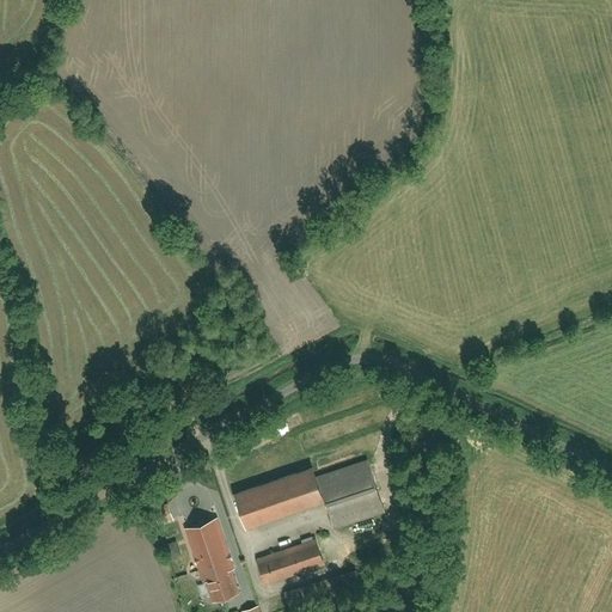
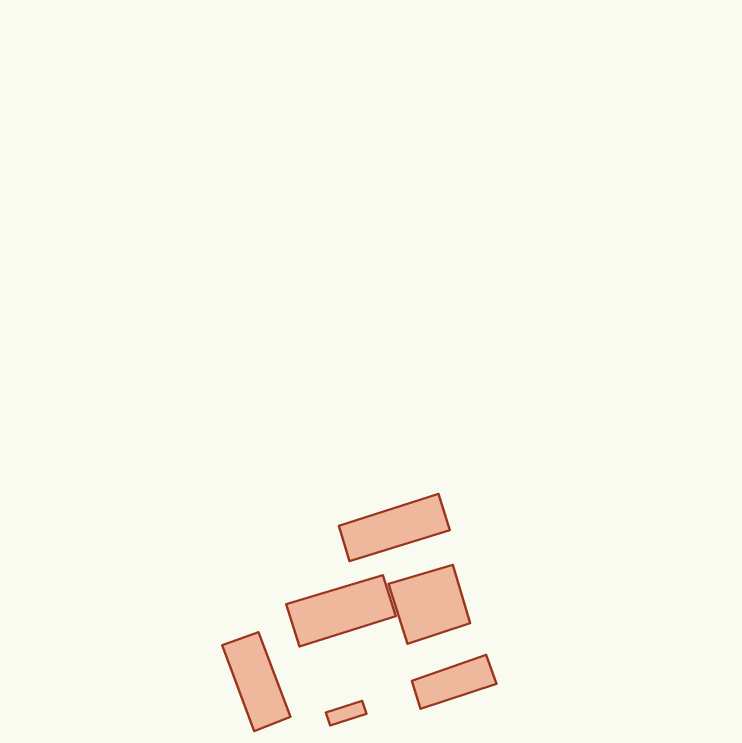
building: none -> [339,494,450,561]
building: [256,537,325,581] -> [412,655,497,709]

